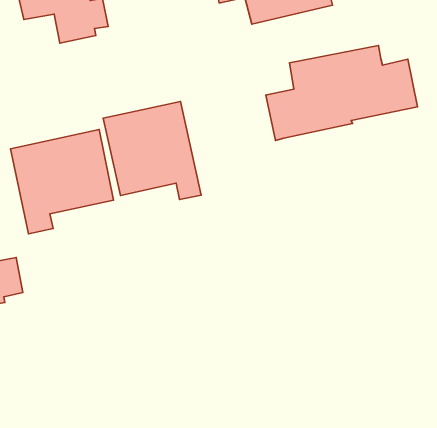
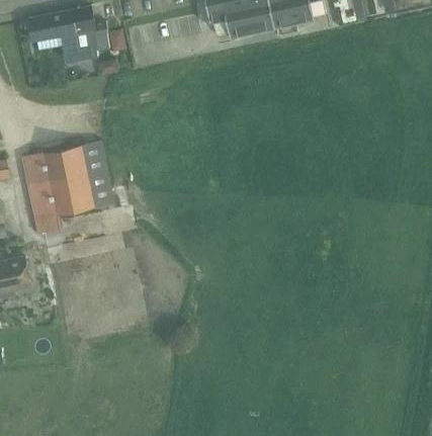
building: [266,46,417,140] -> none
building: [103,102,201,199] -> none

